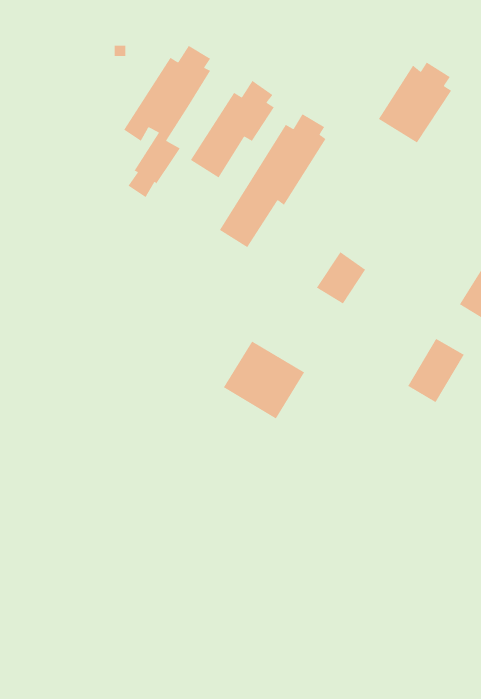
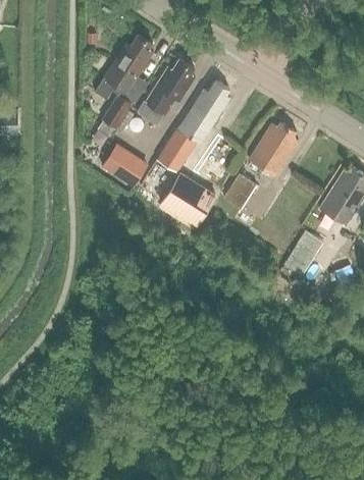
building: [378,62,452,144] -> [248,121,298,176]
building: none -> [102,145,148,188]
building: [223,340,305,419] -> [160,172,215,225]

